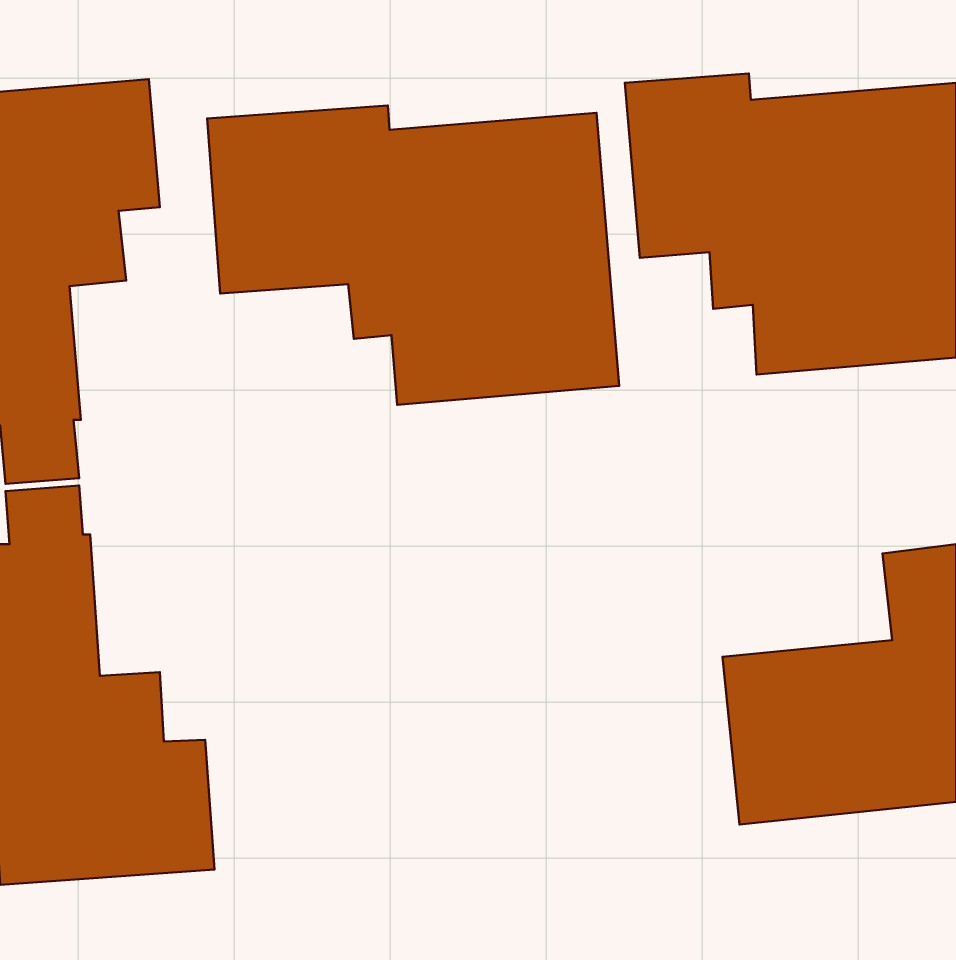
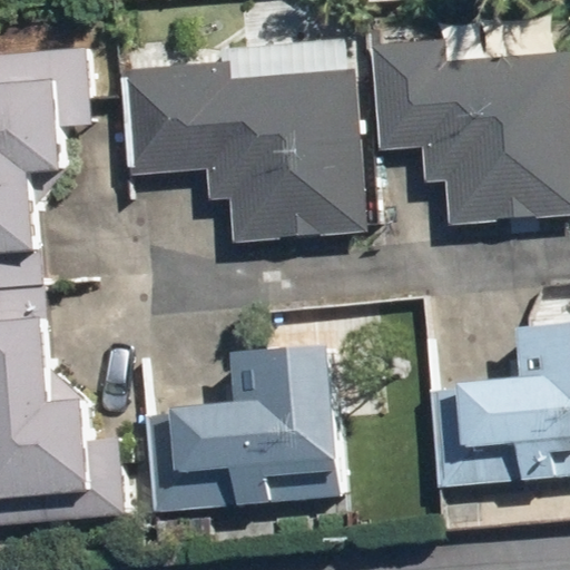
building: none -> [145,341,350,511]

